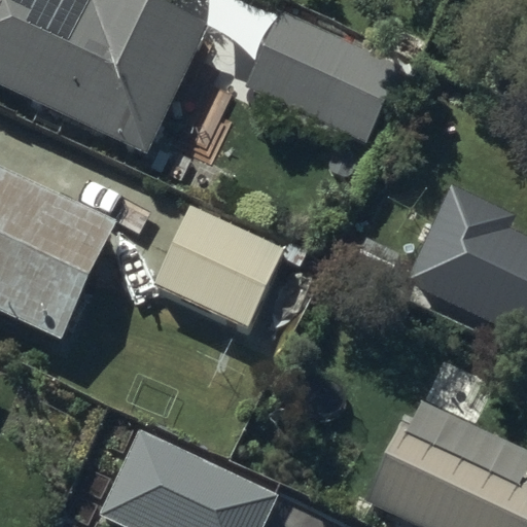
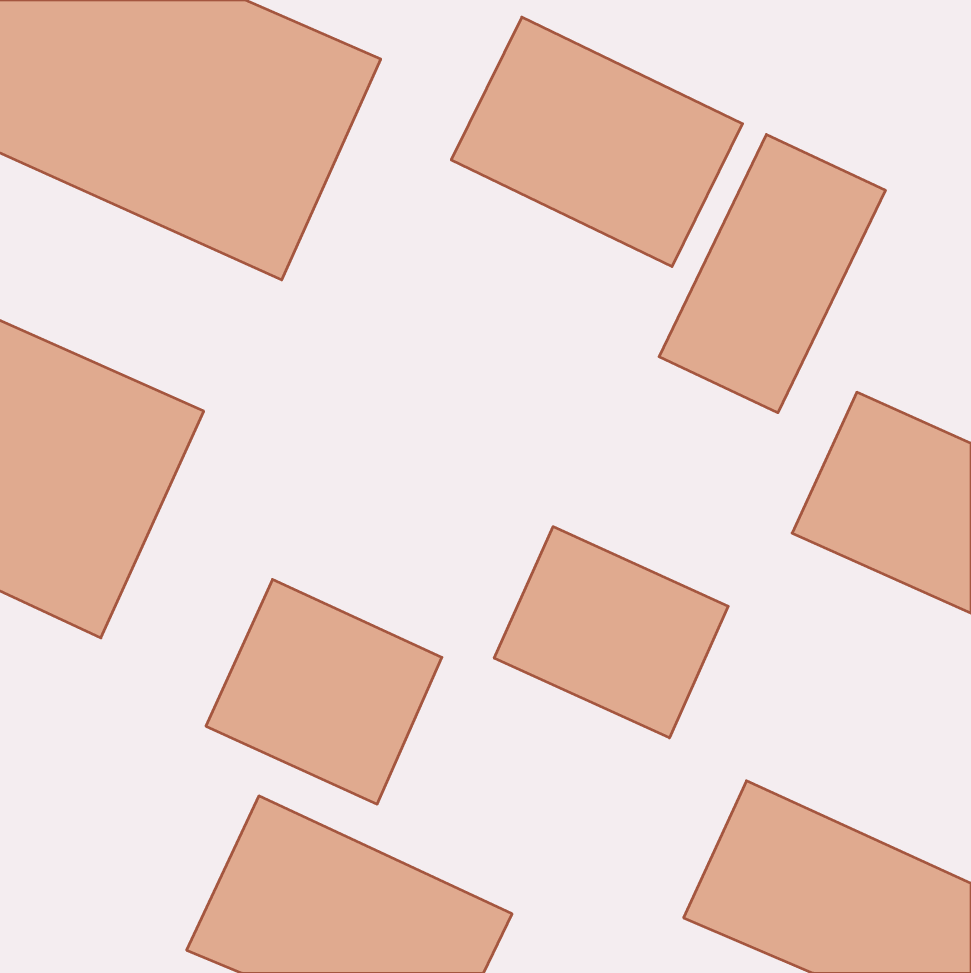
building: none -> [659,134,885,413]
building: [154,206,282,327] -> [206,579,442,804]
building: none -> [494,527,728,738]

